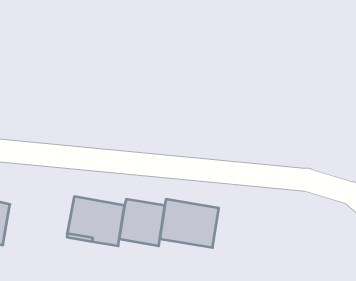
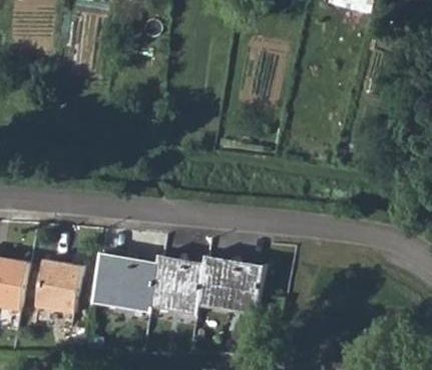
building: none -> [32,259,80,314]

